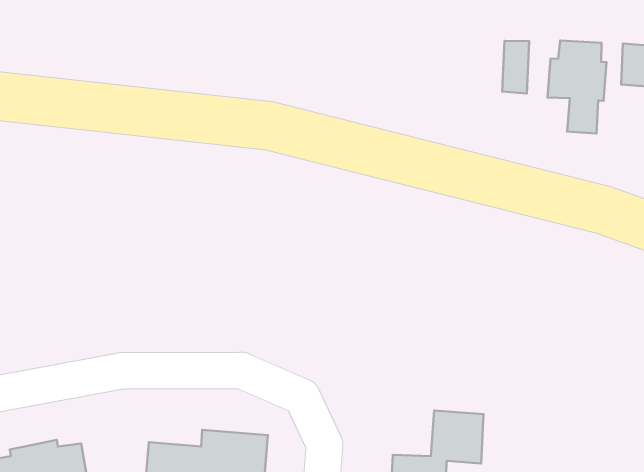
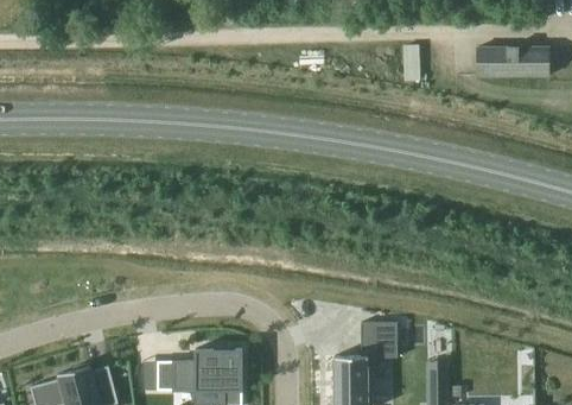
building: [547,41,606,133] -> none

